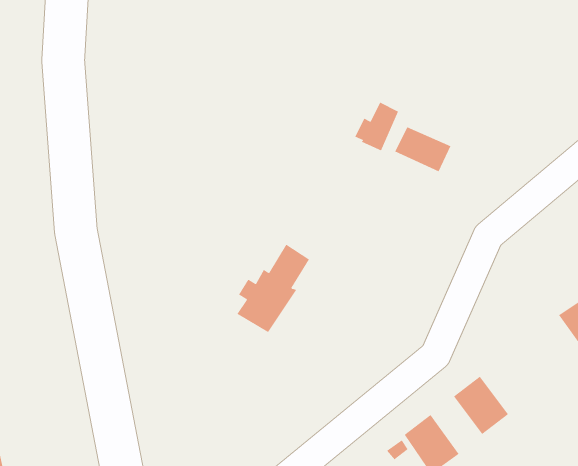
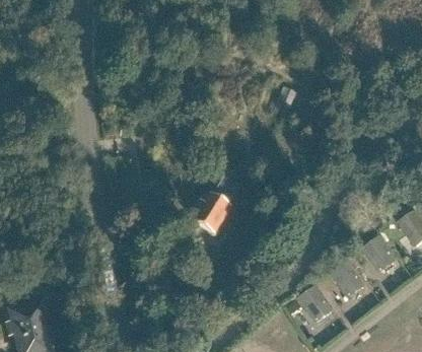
building: [395,127,451,172] -> none
building: none -> [361,235,397,273]

